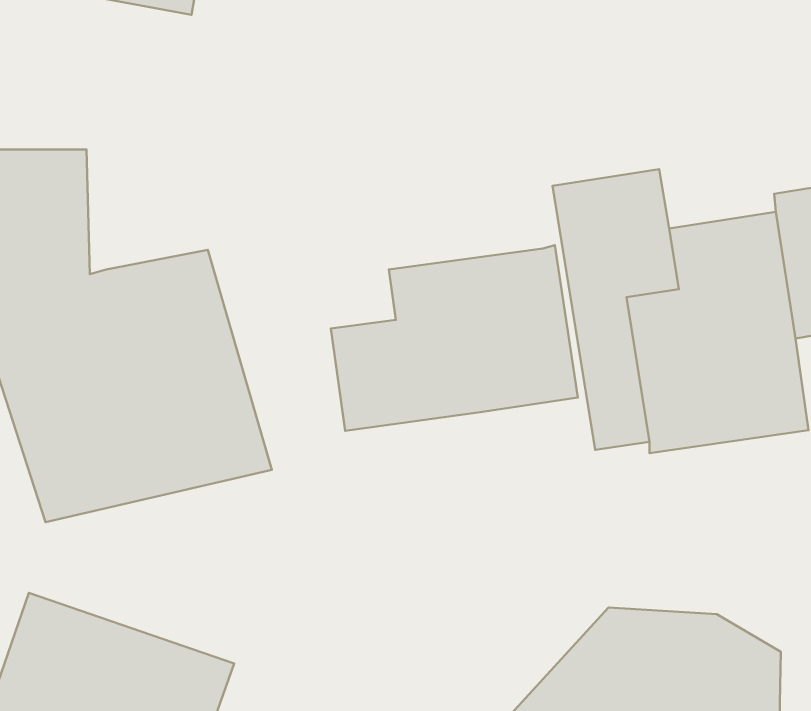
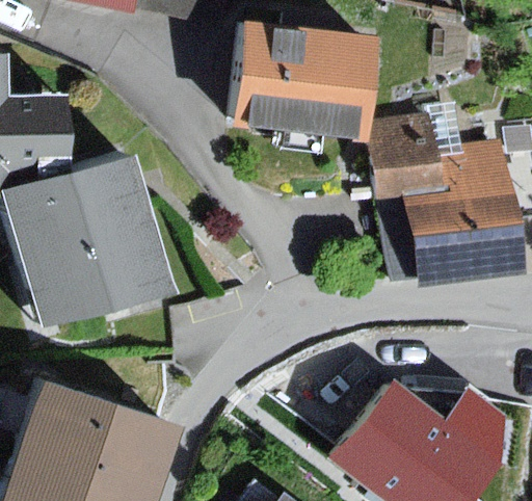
building: none -> [223,9,365,140]
building: [331,245,578,431] -> none

